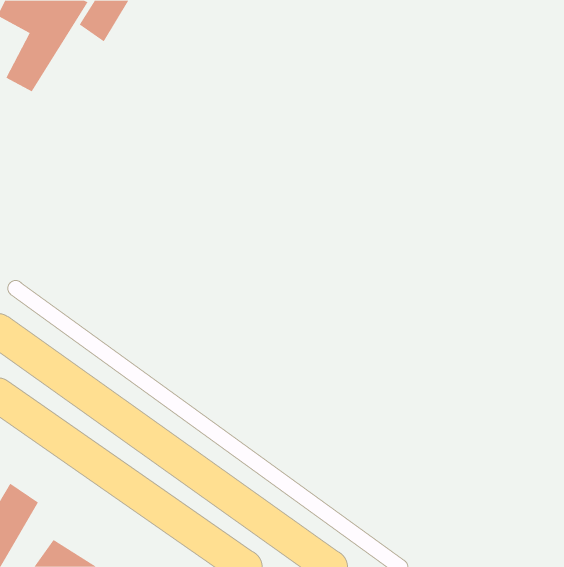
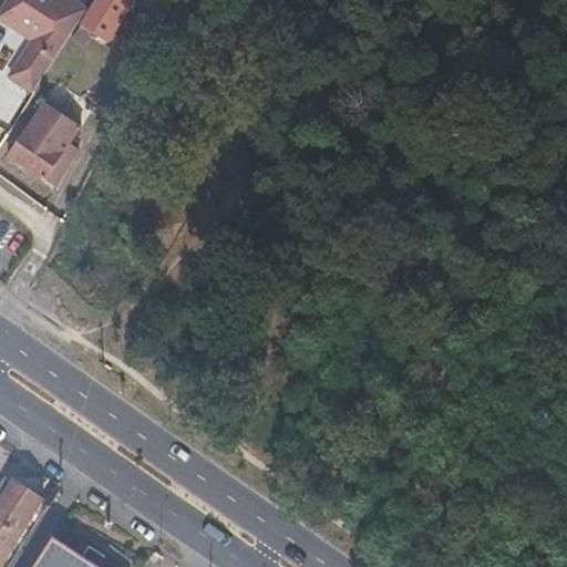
building: none -> [7,103,79,188]

